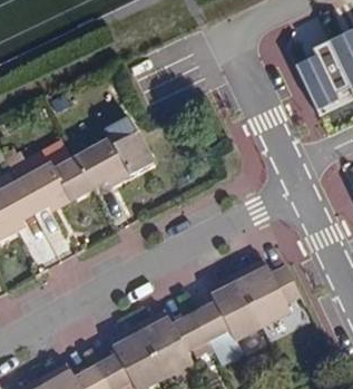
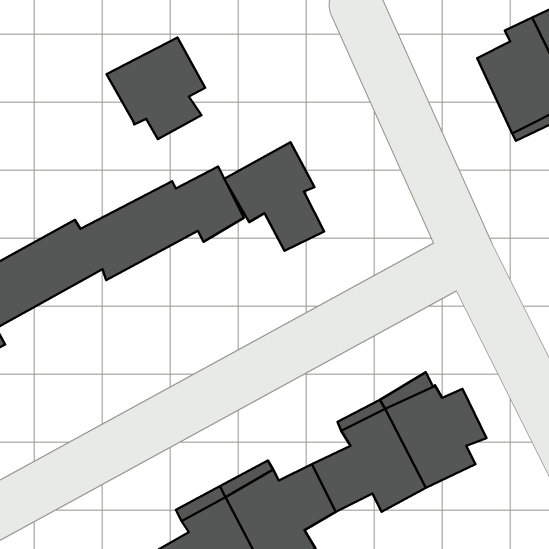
building: none -> [106,37,205,139]
building: none -> [224,142,324,251]

